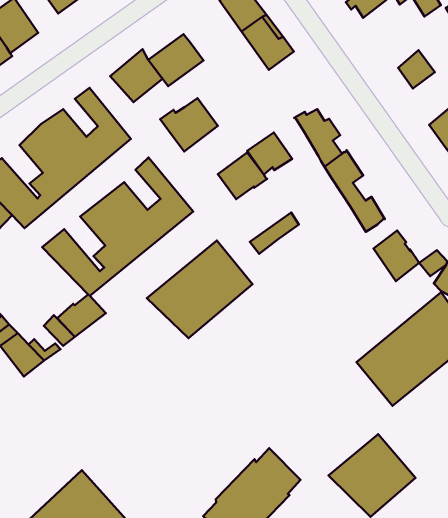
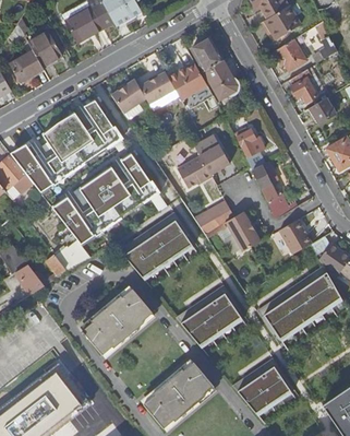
building: none -> [287,68,317,102]
building: [160,98,218,151] -> [167,63,206,99]
building: none -> [214,209,260,251]
building: none -> [176,286,242,349]
building: none -> [82,288,152,354]

